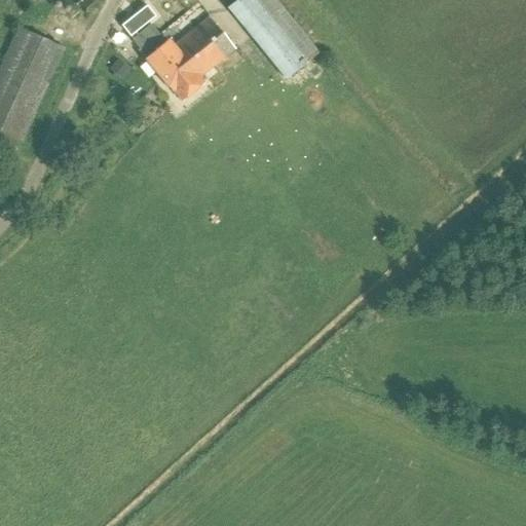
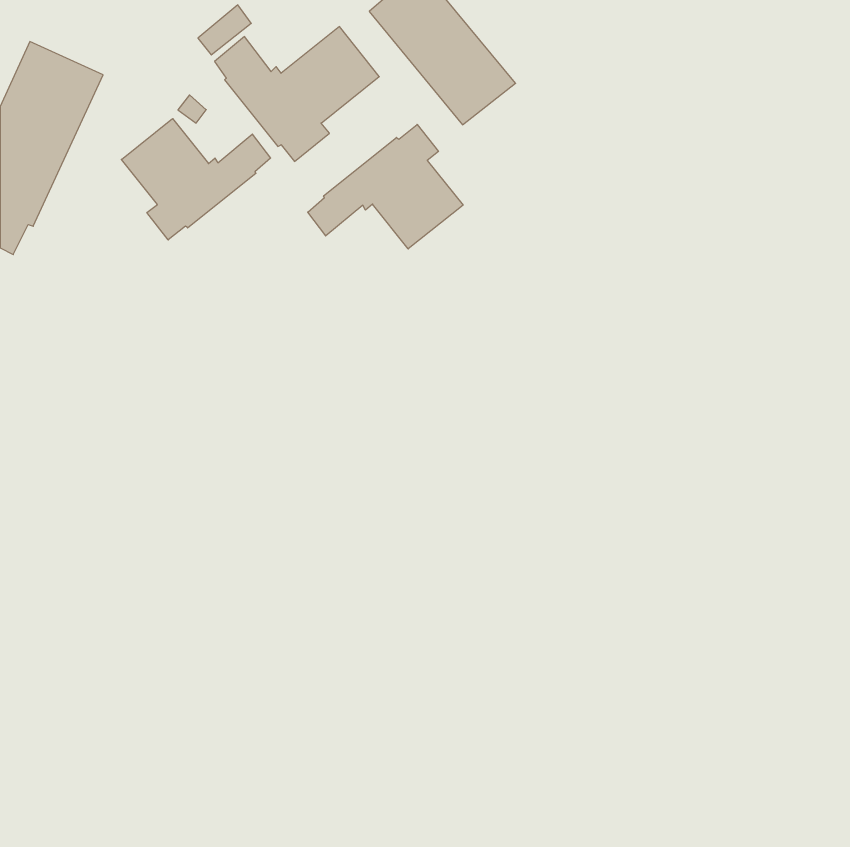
building: none -> [121,119,271,240]
building: none -> [308,124,463,249]

